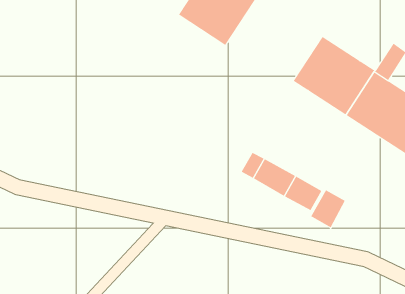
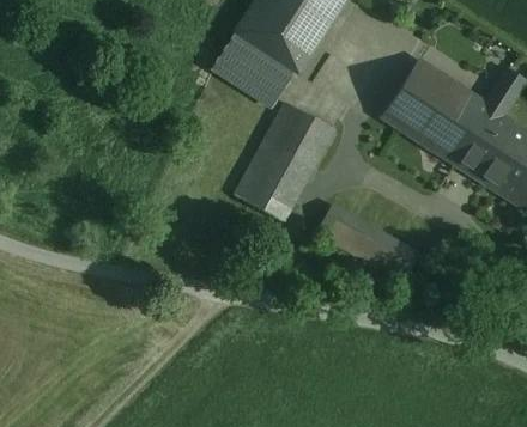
building: none -> [212,32,292,105]
building: none -> [235,103,333,221]
building: [310,190,346,228] -> none

